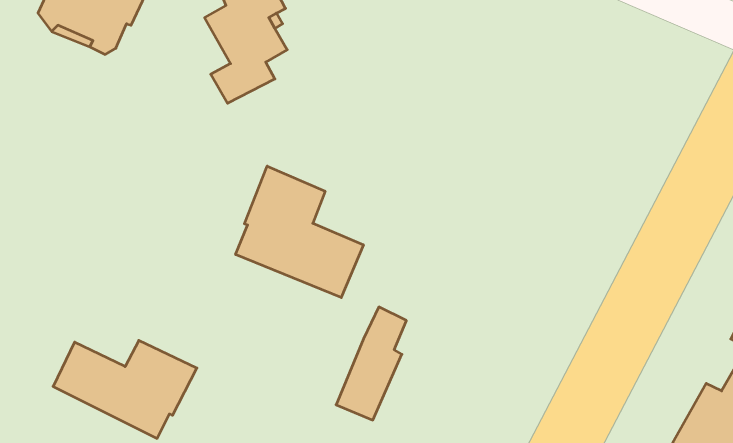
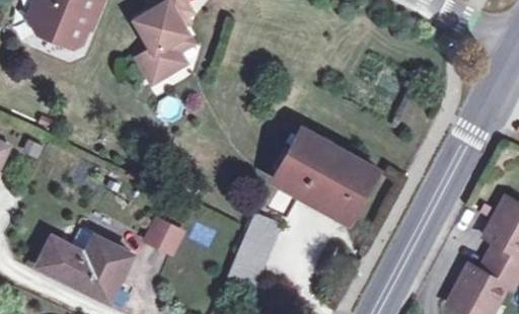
building: [236,166,363,298] -> none
building: none -> [273,131,377,220]
building: none -> [145,216,189,256]

